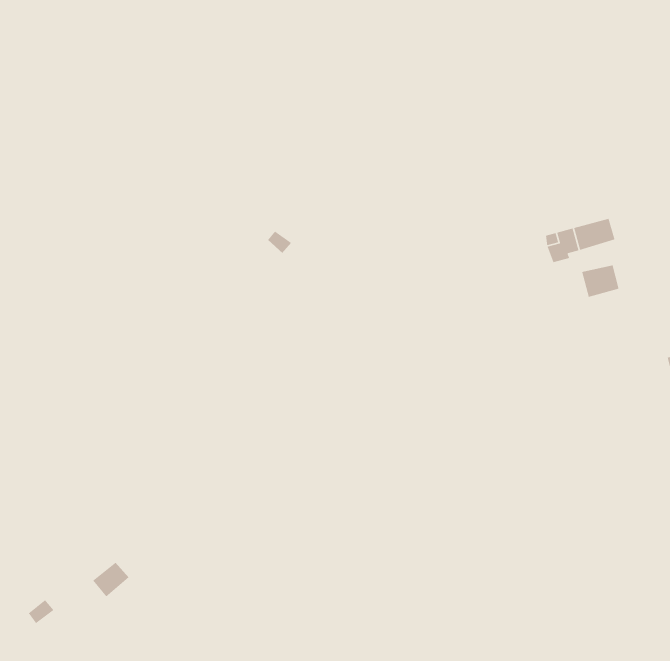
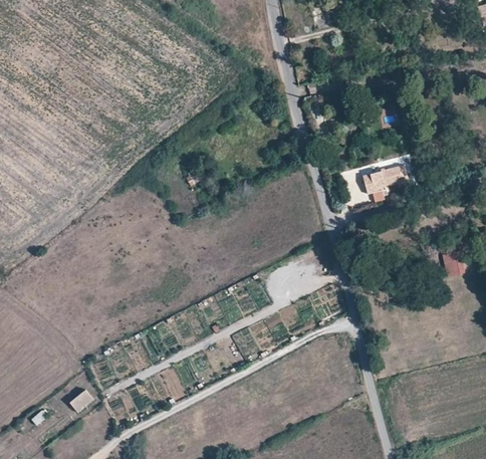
building: [581,265,619,298] -> none

